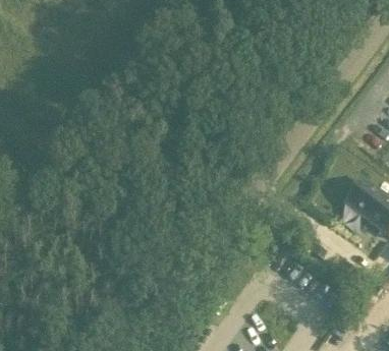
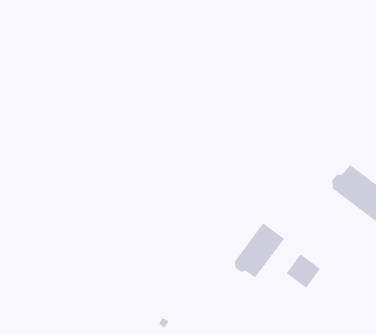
building: none -> [233,223,285,278]

